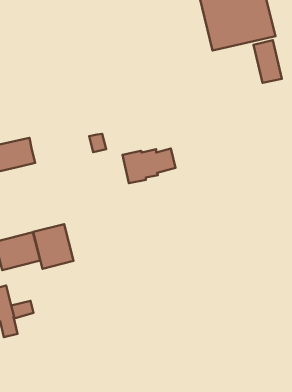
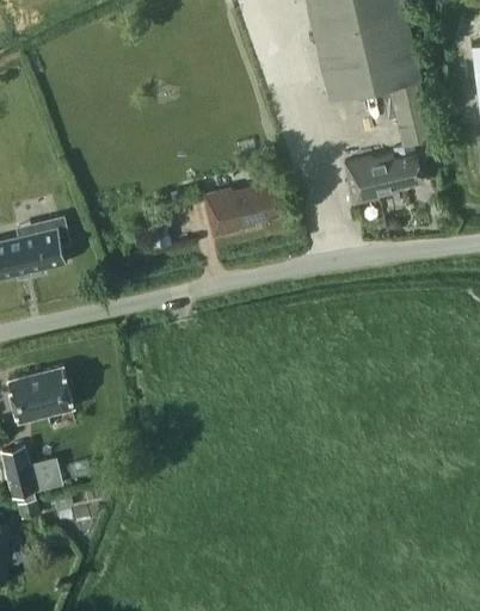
building: none -> [344,153,423,204]
building: [122,148,176,183] -> [203,185,282,236]
building: [33,224,74,269] -> none

